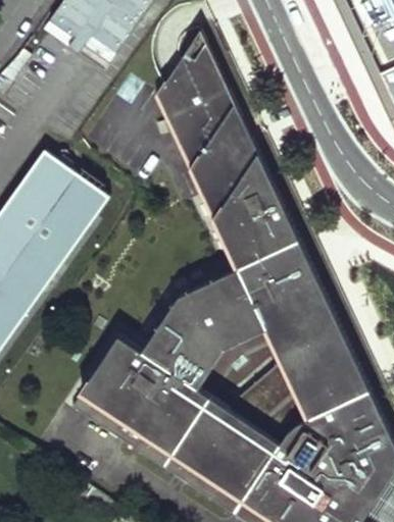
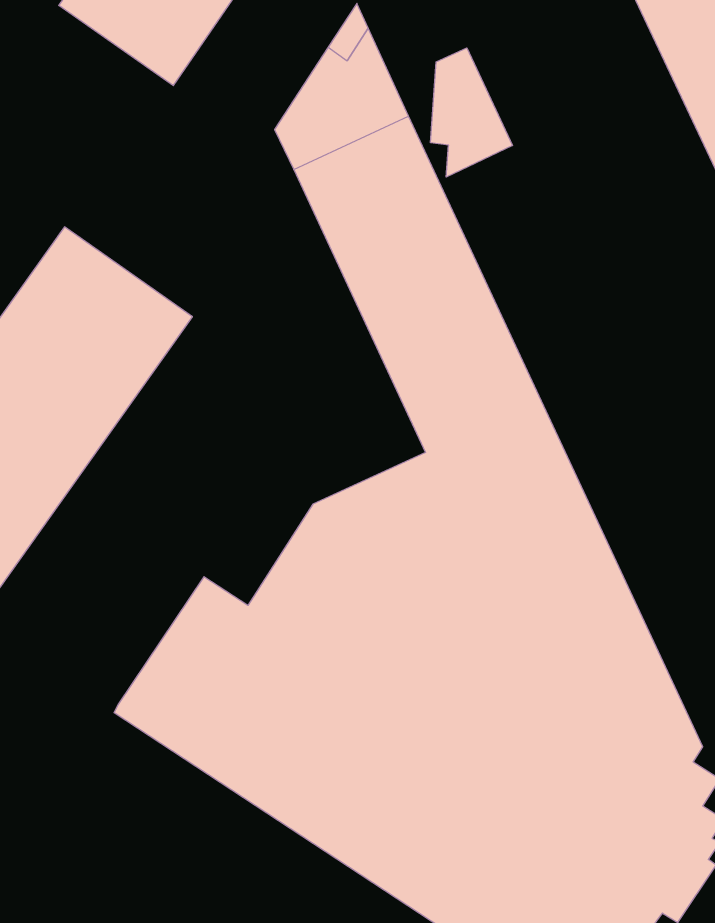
building: none -> [431,48,512,177]

